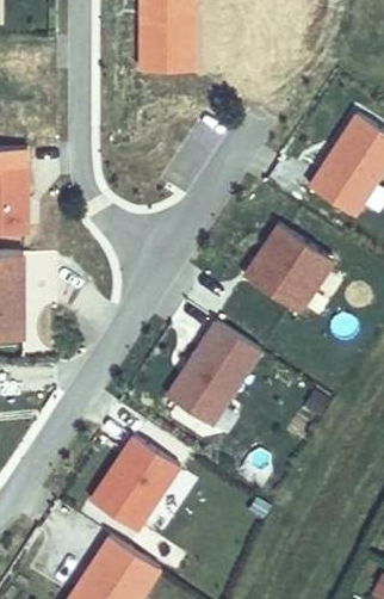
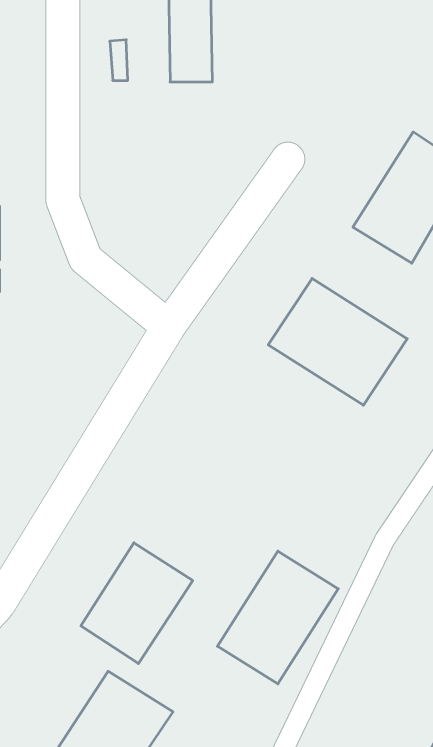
building: [167,317,262,422] -> [217,551,338,684]

